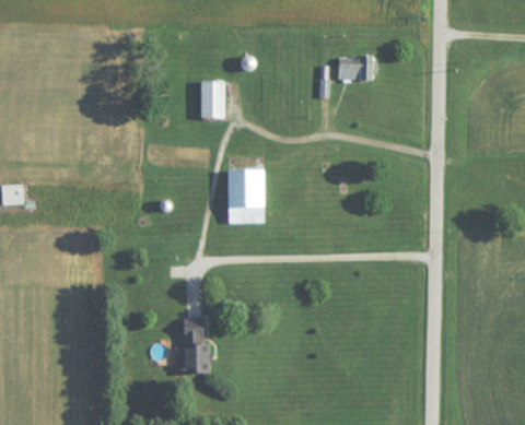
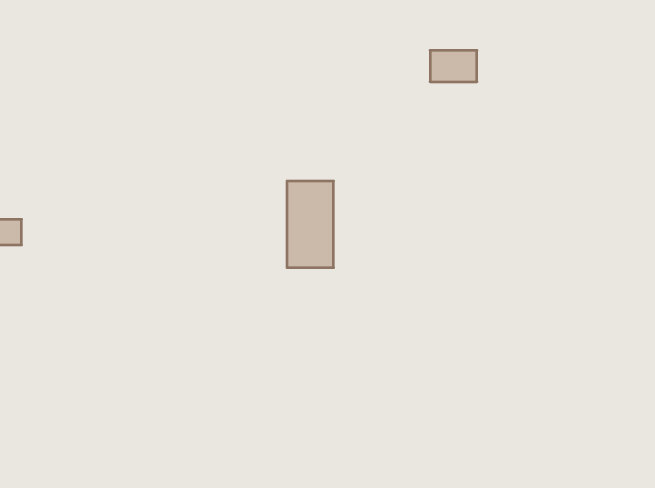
building: [200,81,223,119] -> none
building: [185,319,209,374] -> none

